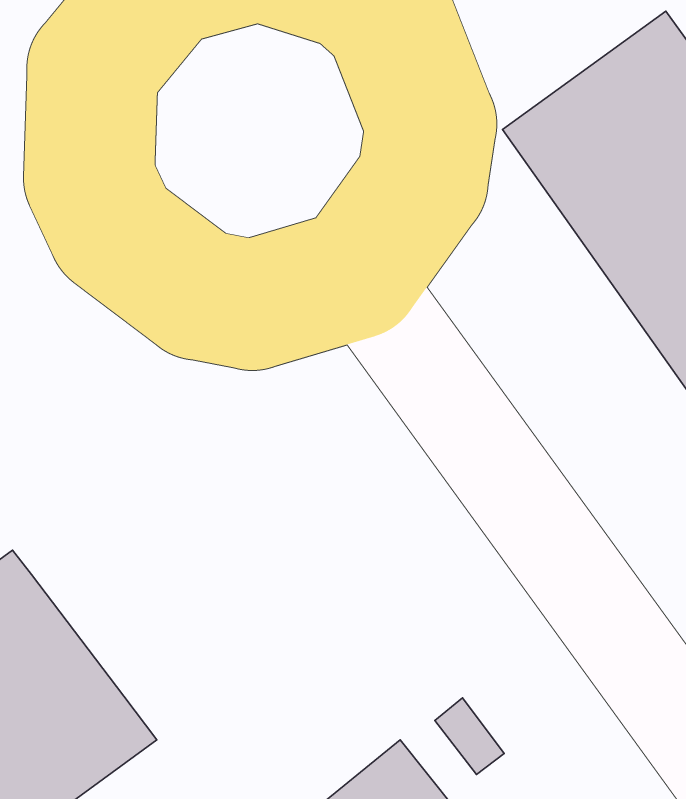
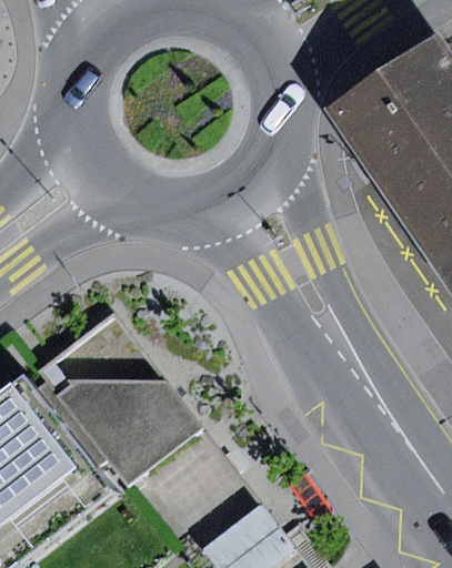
building: none -> [28,316,198,486]

